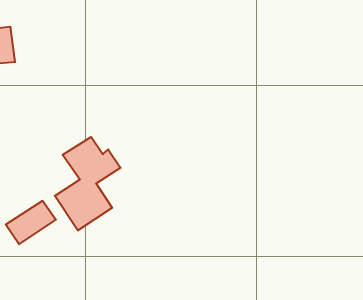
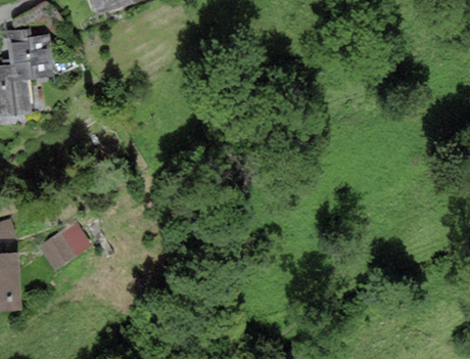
building: [55,137,121,231] -> none

